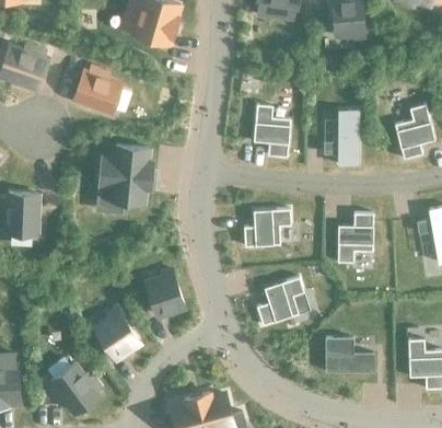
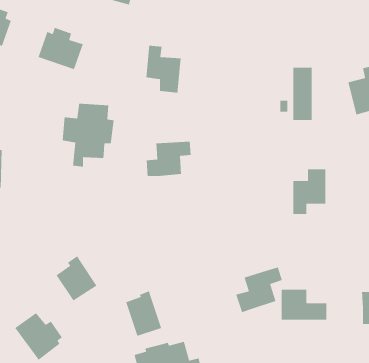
building: [254,107,291,158] -> [145,45,181,94]
building: [244,210,291,247] -> [146,141,191,177]
building: [147,267,185,315] -> [125,290,162,337]
building: [256,278,305,326] -> [235,267,283,313]

